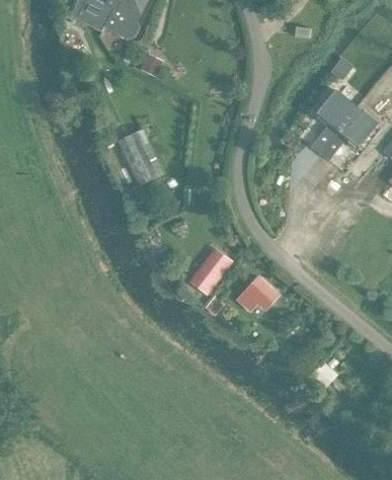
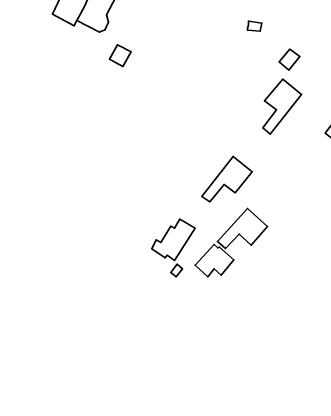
building: [318,108,375,159] -> [202,157,252,202]
building: [119,127,164,182] -> none
building: none -> [217,209,267,248]

